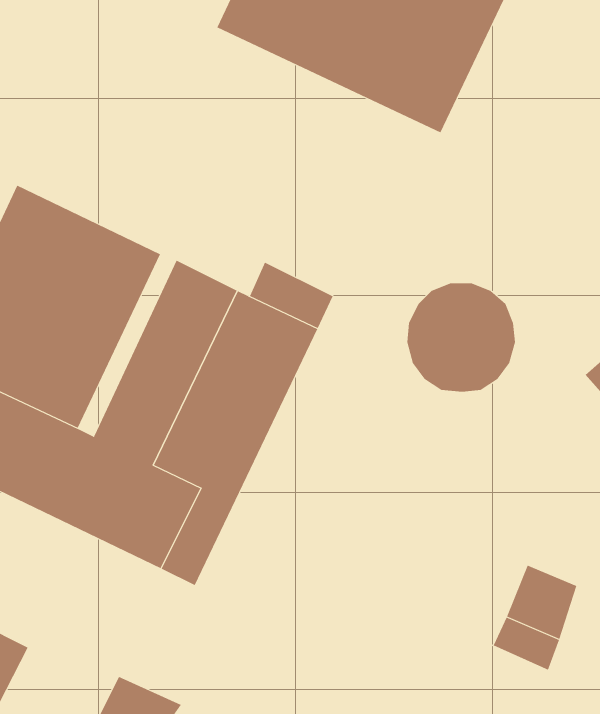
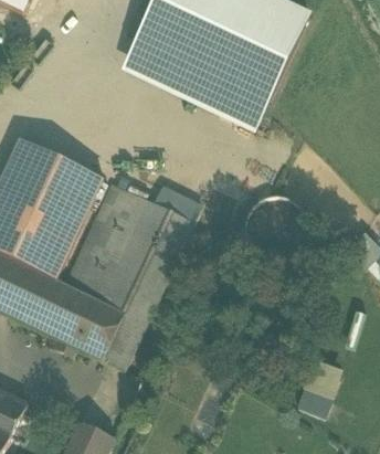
building: none -> [123,45,263,129]

